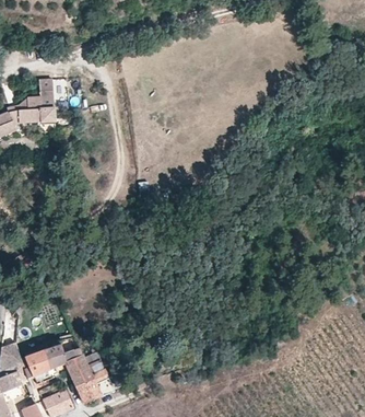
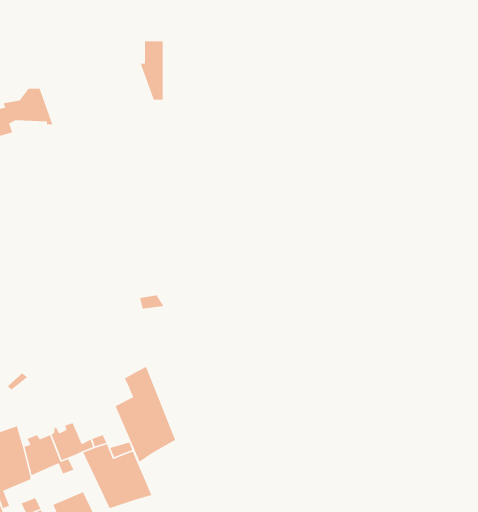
building: [34,80,51,124] -> [140,40,164,100]
building: none -> [115,366,176,463]

